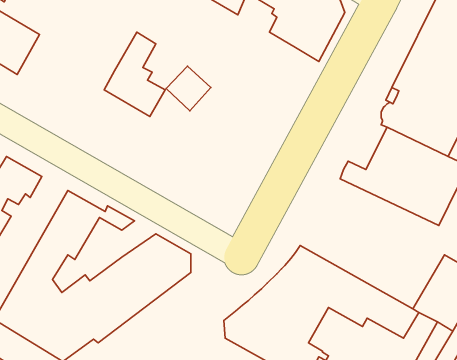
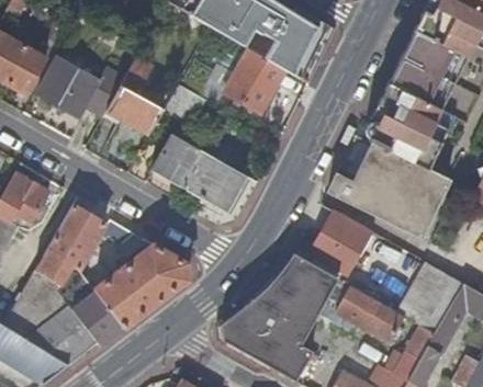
building: none -> [225,48,288,113]
building: none -> [38,59,119,117]
building: none -> [153,134,246,210]
building: none -> [311,213,373,276]

